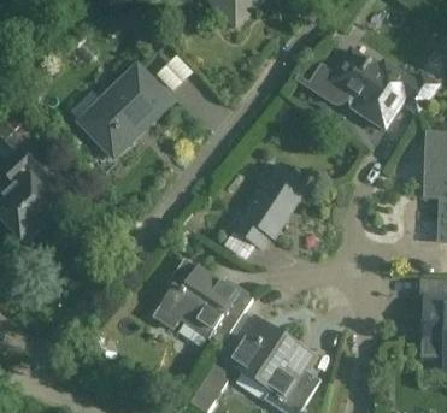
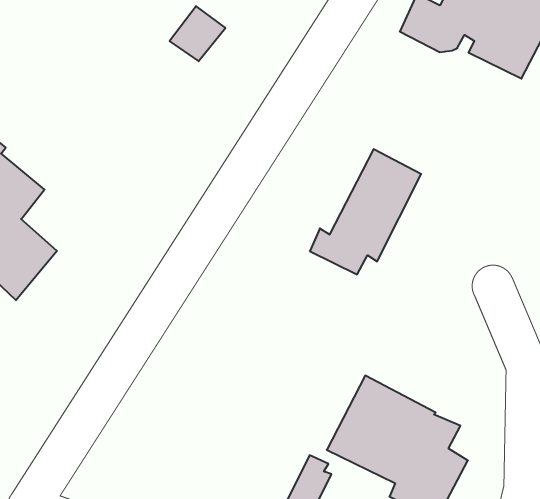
building: [70,66,165,158] -> none
building: [151,258,252,343] -> none

